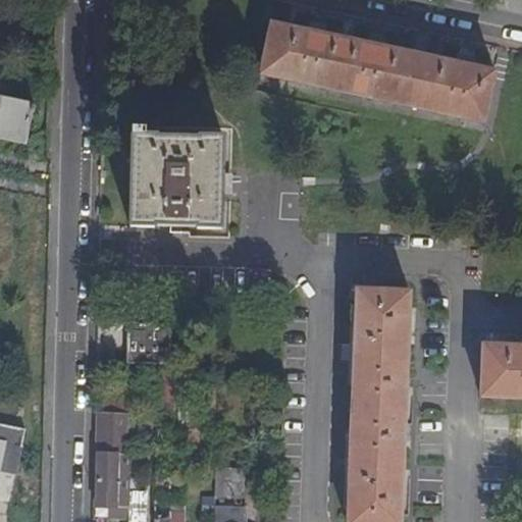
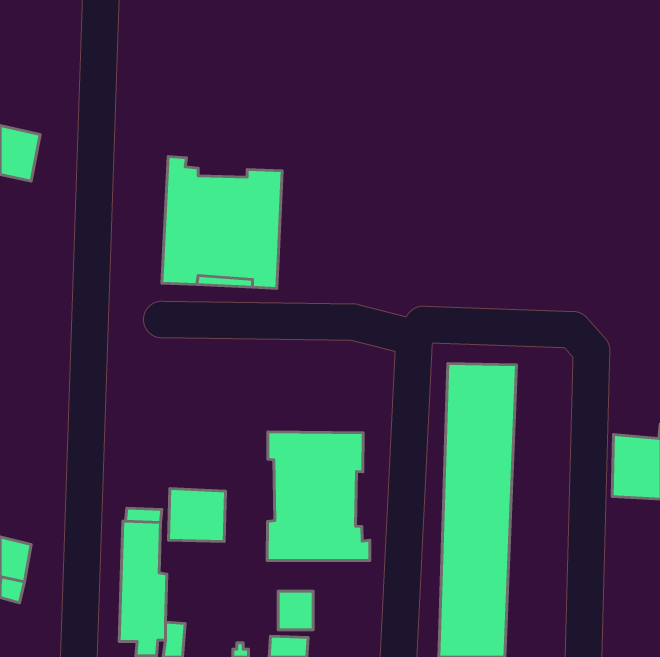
building: [260,19,491,121] -> none
building: [124,318,169,360] -> [168,488,225,541]
building: none -> [267,432,370,560]

